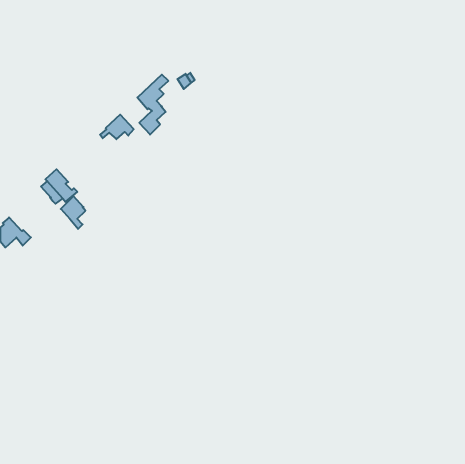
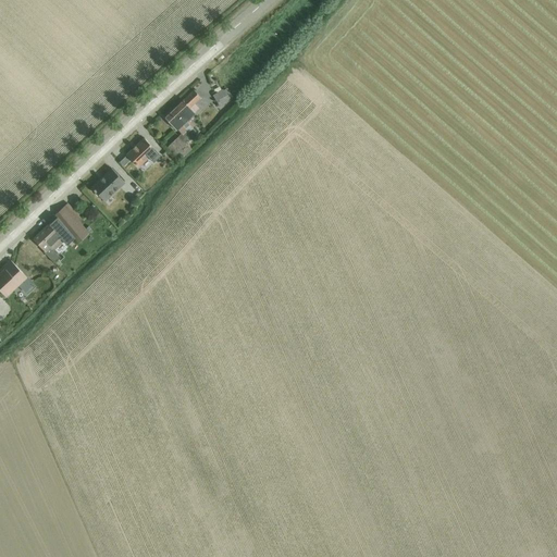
building: none -> [91,168,125,201]
building: [61,196,85,229] -> [34,223,63,262]

